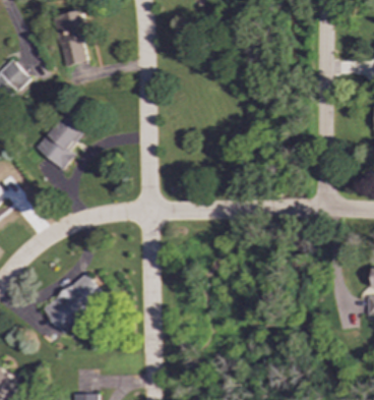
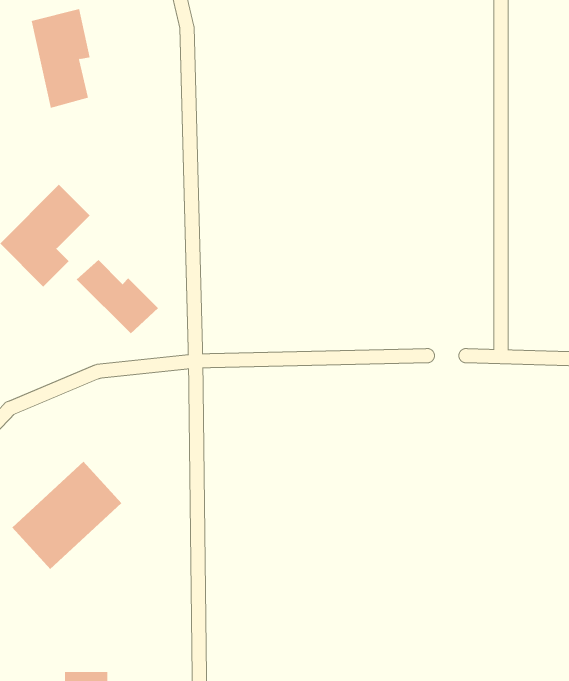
building: none -> [76,259,159,334]

